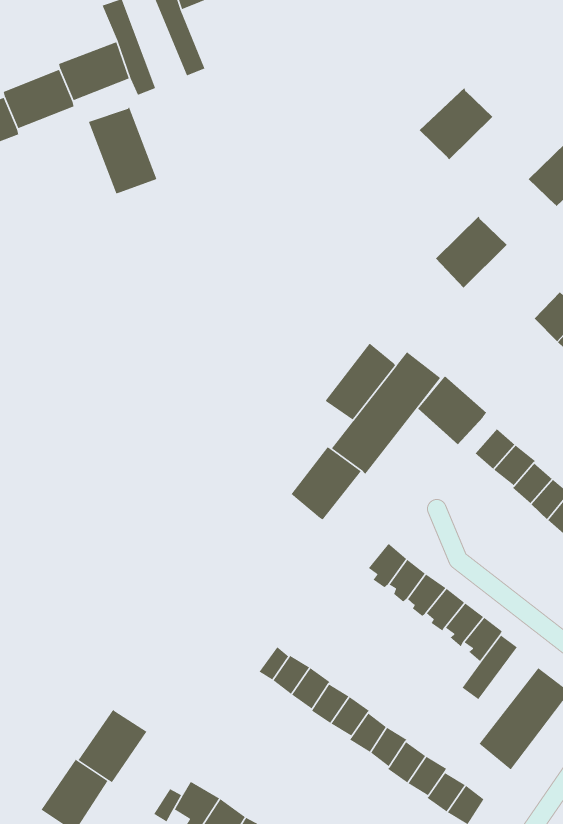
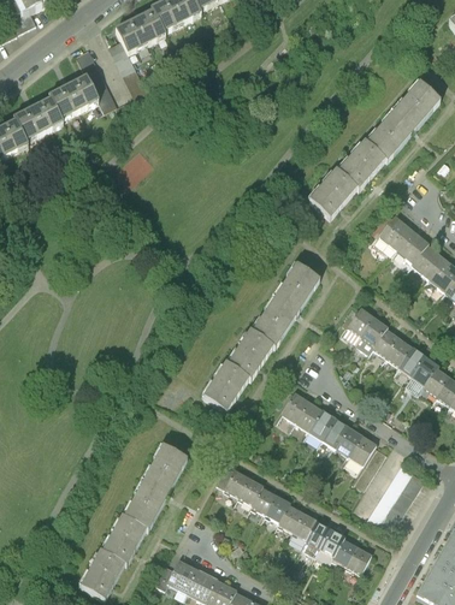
building: [419,87,493,160] -> [336,141,384,190]
building: [88,106,157,195] -> none
building: [325,342,396,421] -> none
building: [417,375,487,445] -> none
building: none -> [201,363,247,413]
building: none -> [123,446,187,530]

